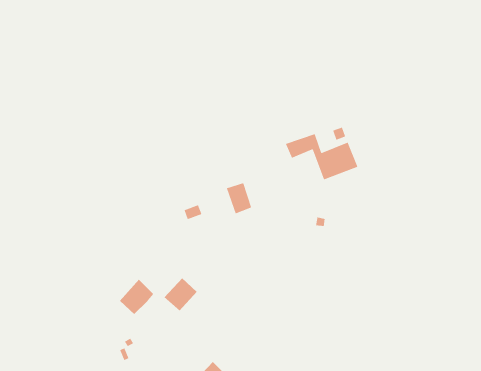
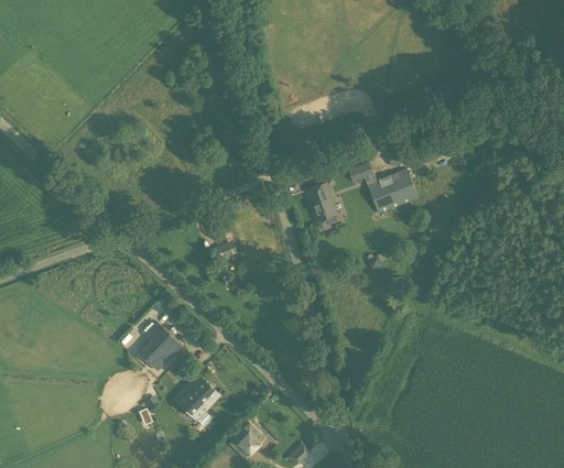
building: [226,182,252,214] -> [304,184,335,221]
building: [163,278,197,312] -> [175,376,215,415]

